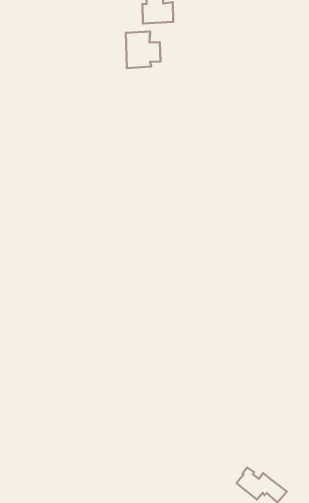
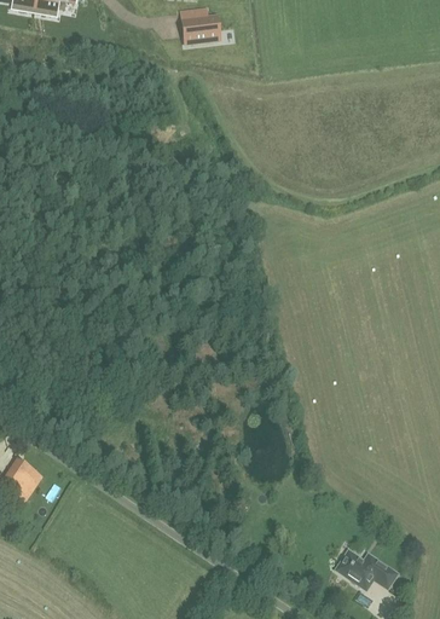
building: [126,31,161,68] -> none

